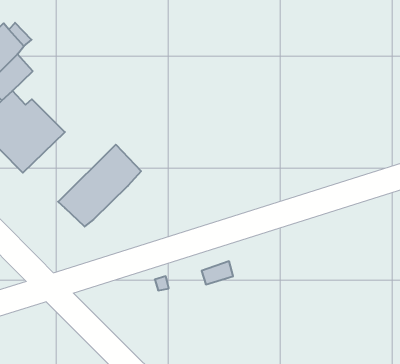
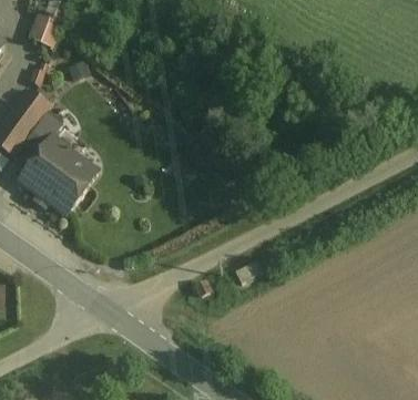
building: [58,145,141,227] -> none

